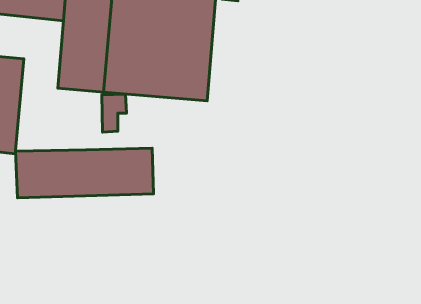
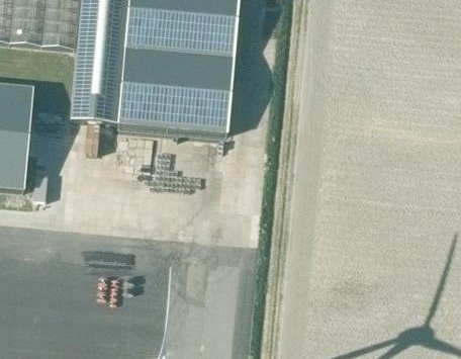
building: [15,148,153,198] -> none

